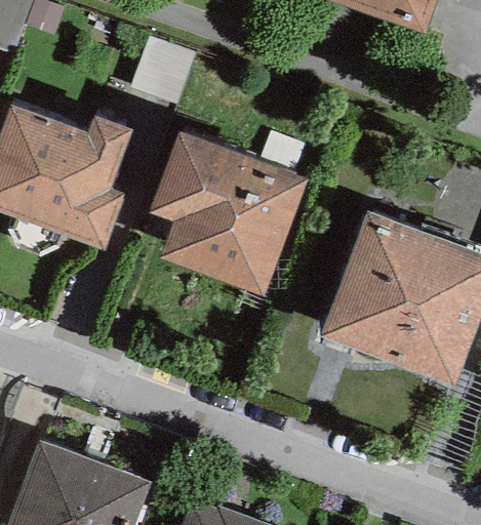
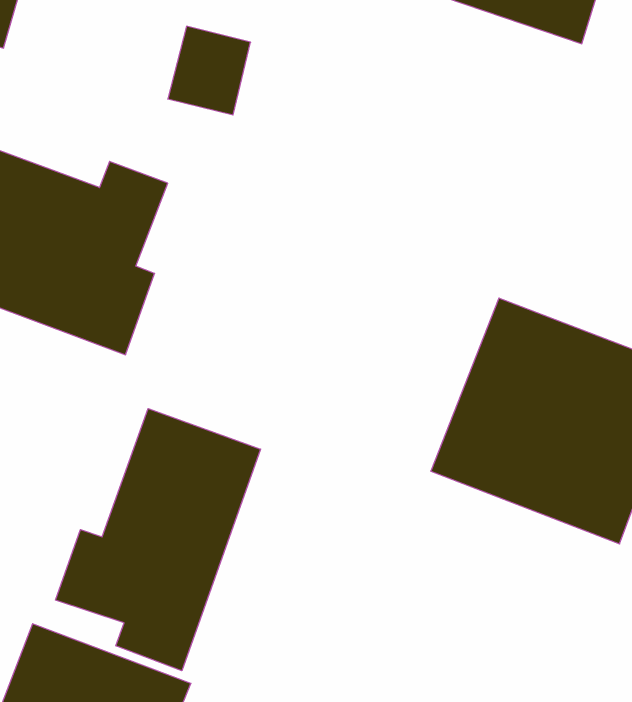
building: [149,133,307,296] -> none
building: none -> [56,409,261,671]

